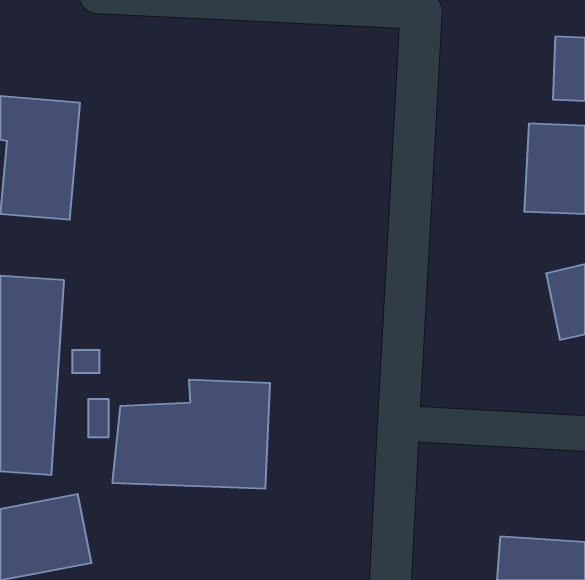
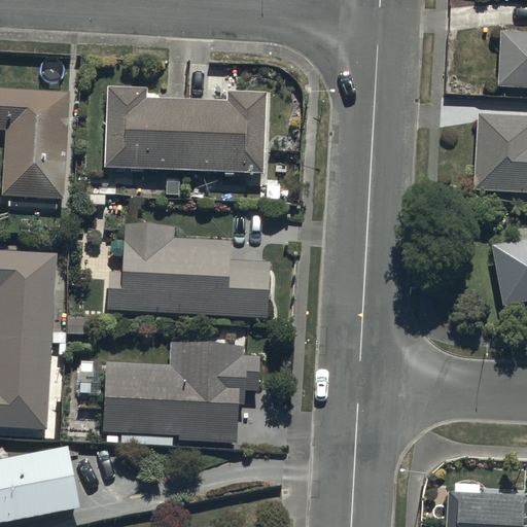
building: none -> [103,87,266,173]
building: none -> [107,222,269,318]

